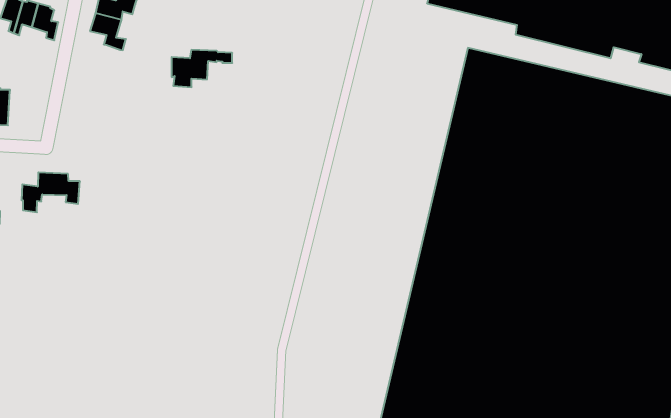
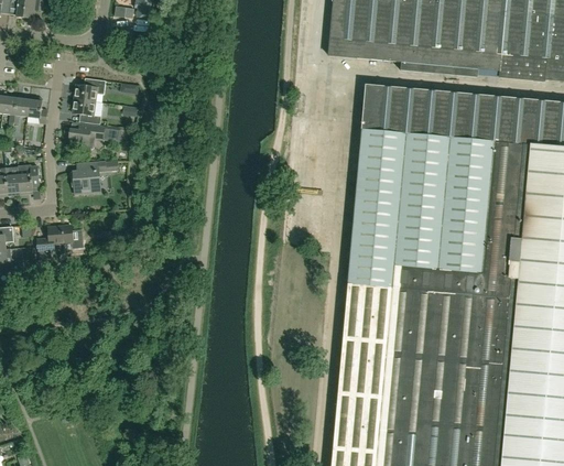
building: none -> [68,121,106,150]
building: [172,50,232,87] -> [70,161,118,193]
building: none -> [18,165,40,194]

